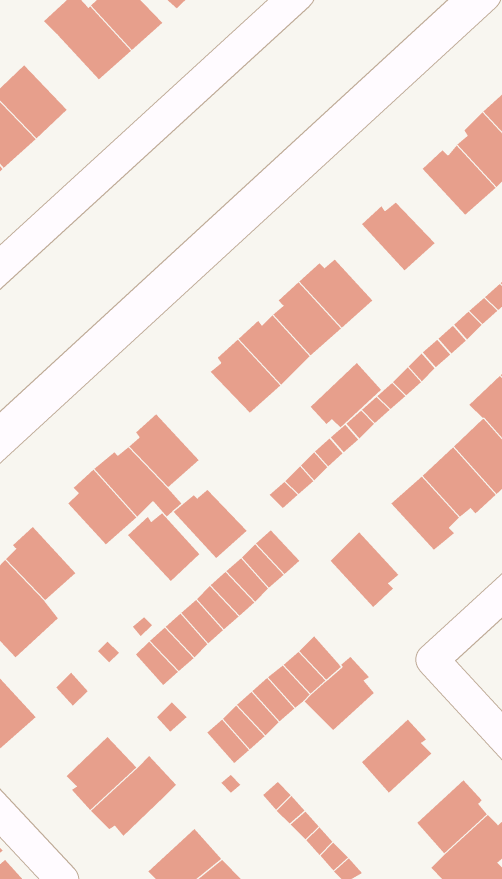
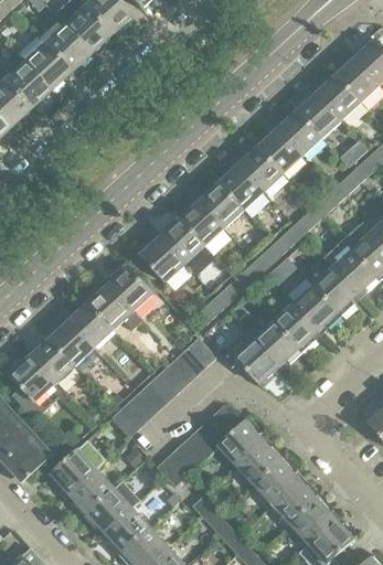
building: none -> [42,23,89,71]
building: none -> [278,108,322,156]
building: none -> [240,143,284,192]
building: [310,362,382,428] -> none
building: [173,489,248,559] -> [138,237,185,281]
building: none -> [255,321,302,366]
building: [127,512,200,582] -> [47,321,94,365]
building: none -> [47,441,105,494]
building: none -> [238,441,286,486]
building: none -> [274,480,321,524]
building: none -> [105,508,150,555]

